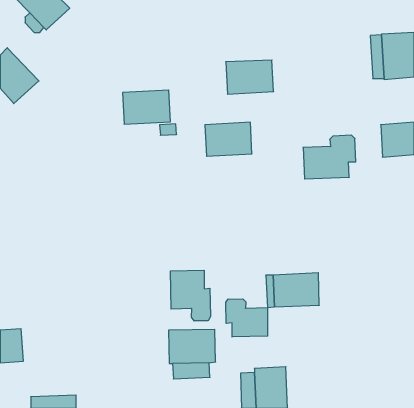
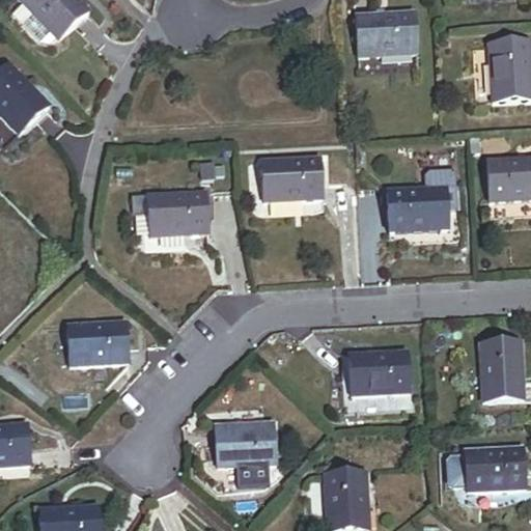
building: [226,60,274,94] -> [356,11,417,55]
building: [123,90,170,124] -> [147,192,208,235]
building: none -> [67,322,129,365]
building: none -> [481,340,524,399]
building: [171,270,210,321] -> none
building: [226,299,268,337] -> none
building: none -> [448,447,525,492]

